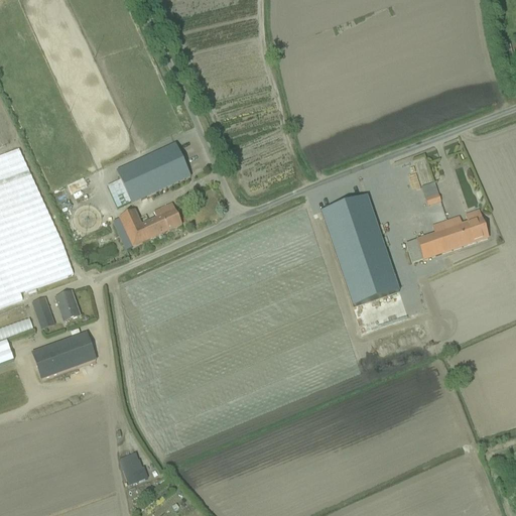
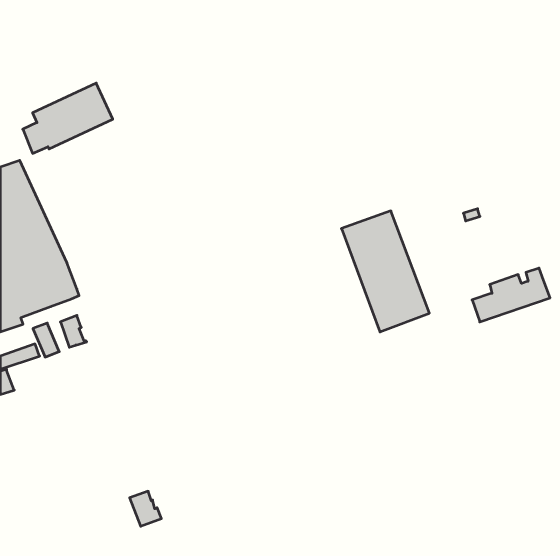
building: [108,141,190,206] -> [23,83,113,153]
building: [114,201,182,248] -> none
building: [417,208,489,257] -> [472,268,550,322]
building: [32,331,96,377] -> none

